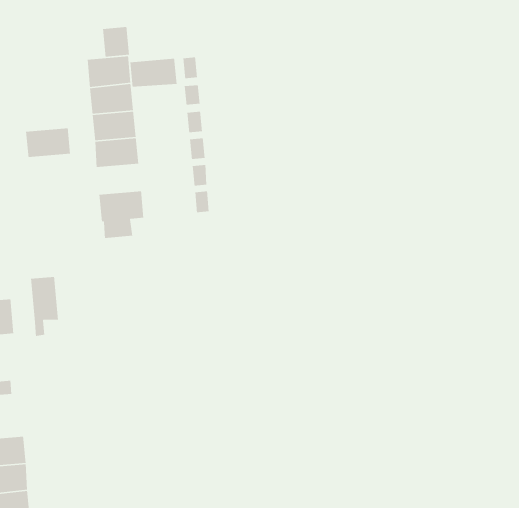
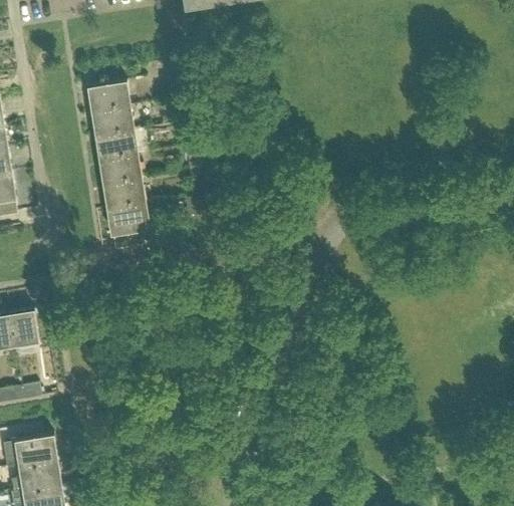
building: [102,26,130,58] -> none
building: [129,58,177,87] -> none
building: [25,127,71,158] -> [101,179,145,209]
building: [30,276,59,337] -> none

